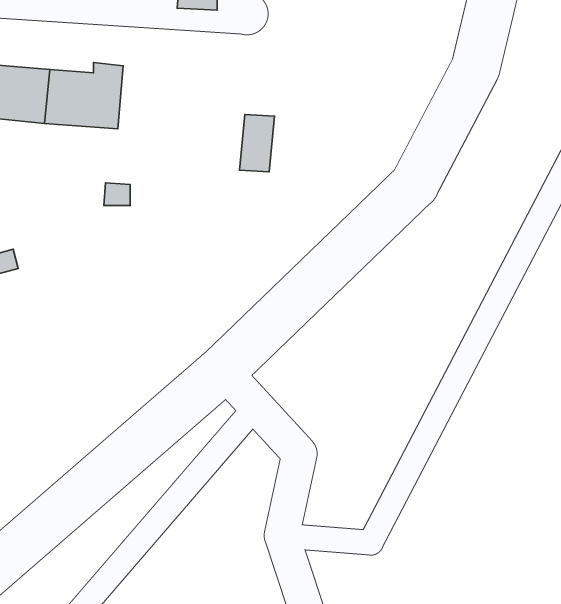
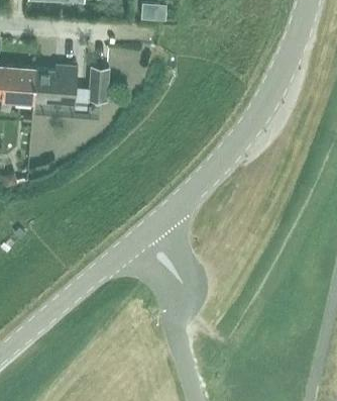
building: [240,114,275,172] -> [88,68,108,101]

